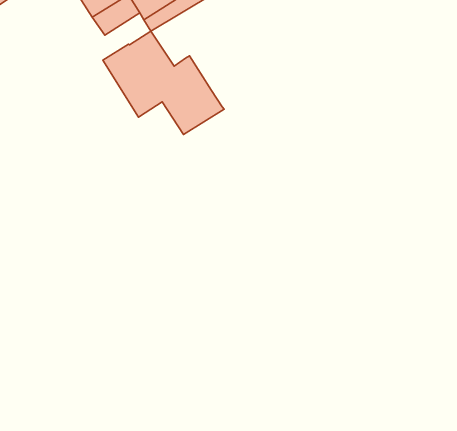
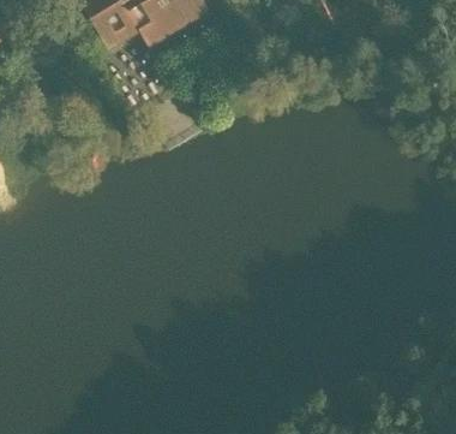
building: [103,31,224,135] -> none

